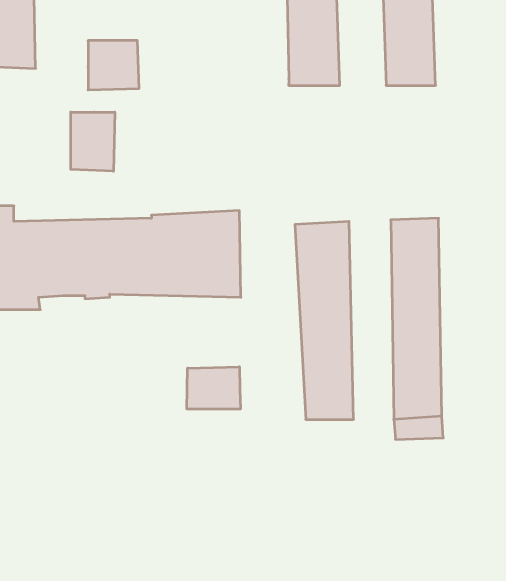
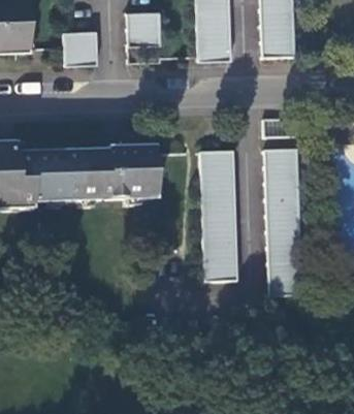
building: none -> [125,11,159,43]
building: [71,112,115,171] -> none
building: [187,367,240,409] -> none

